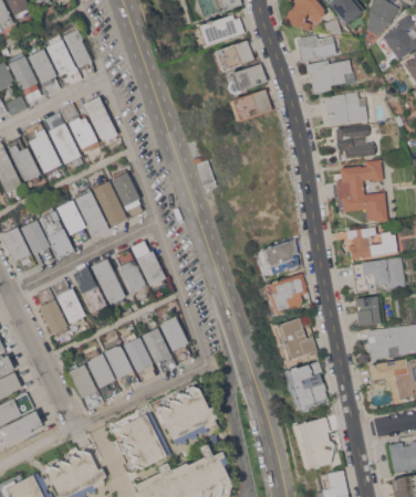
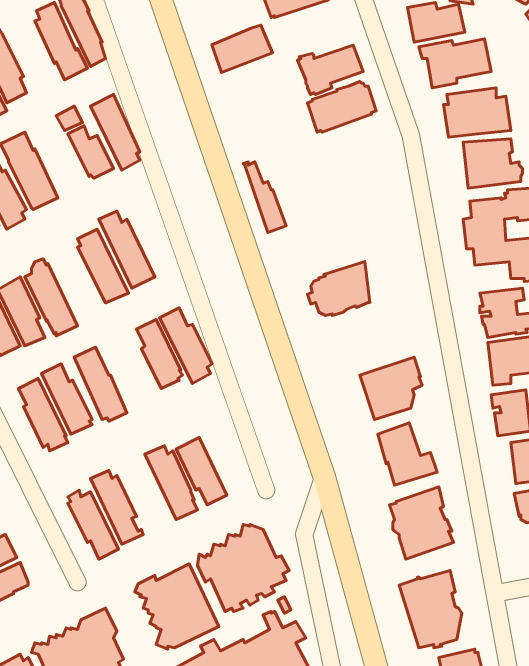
building: [214,41,254,73] -> [212,25,272,73]
building: [28,50,61,96] -> none
building: [44,113,81,165] -> none
building: [112,170,143,219] -> none
building: [56,201,89,246] -> none
building: [257,239,299,275] -> [307,261,370,316]
building: [91,260,126,308] -> none
building: [160,317,191,363] -> none
building: [104,346,139,392] -> none

